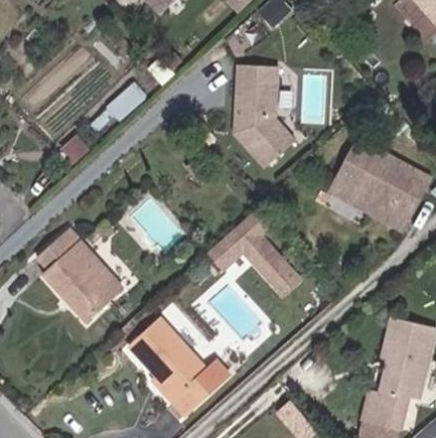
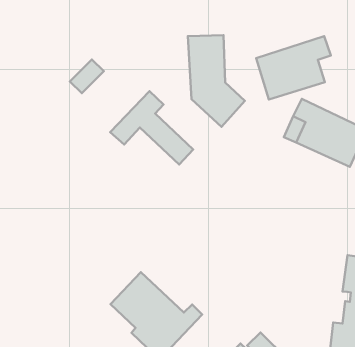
building: none -> [256,36,331,99]
building: [210,210,300,294] -> [110,91,193,165]
building: [40,231,125,322] -> none

